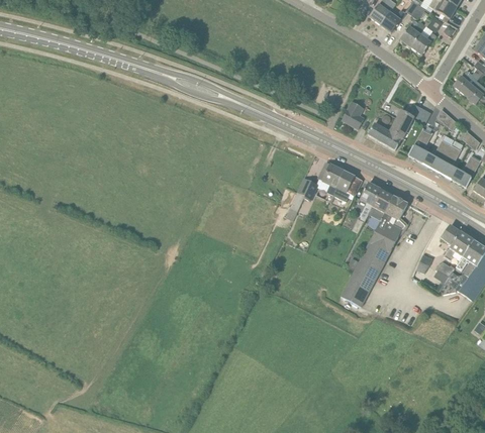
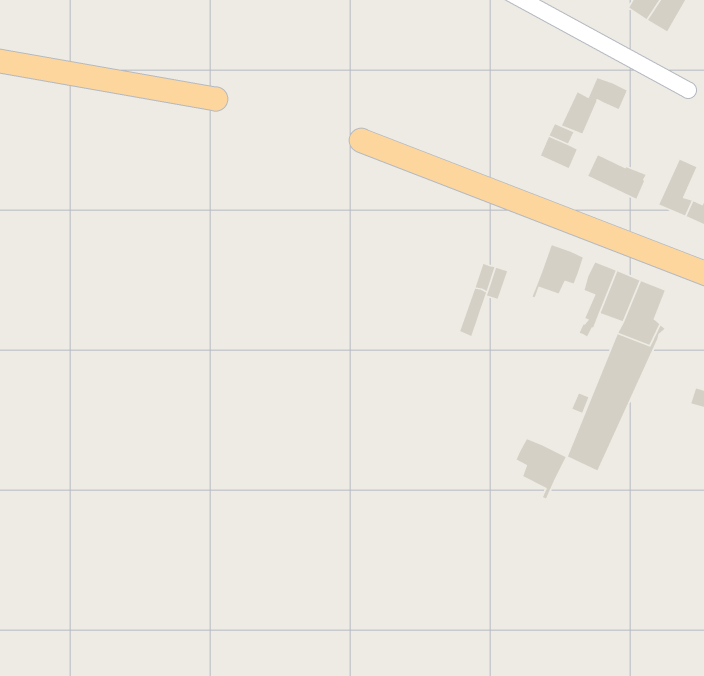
building: [390,103,430,135] -> [561,77,628,134]
building: [317,161,344,194] -> none
building: none -> [516,438,567,499]

